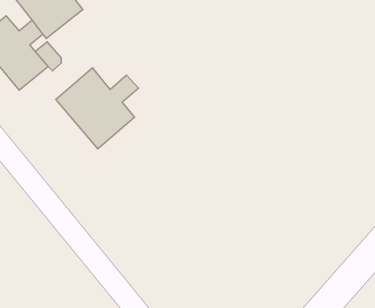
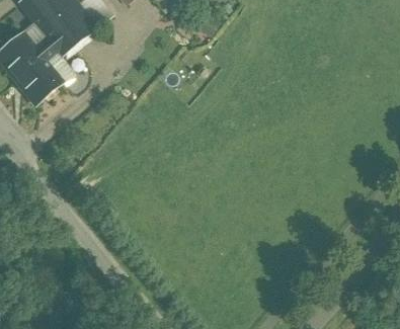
building: [56,68,139,149] -> none

